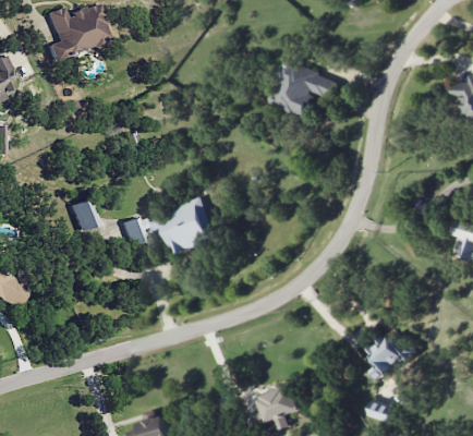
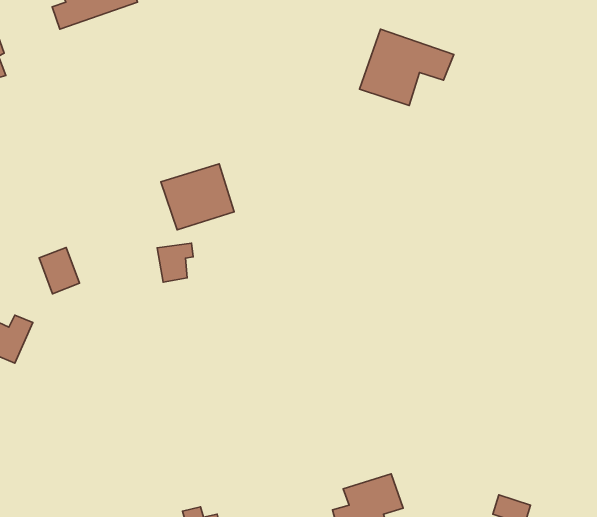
building: [69,197,98,231] -> [39,247,80,294]
building: [160,206,214,254] -> [161,164,234,230]
building: [366,335,405,380] -> none

